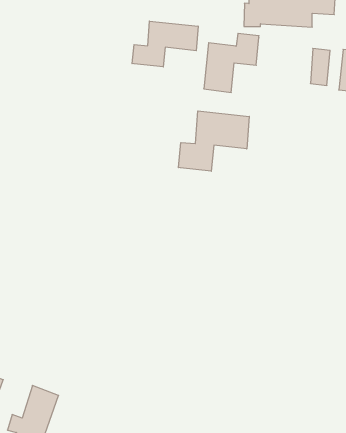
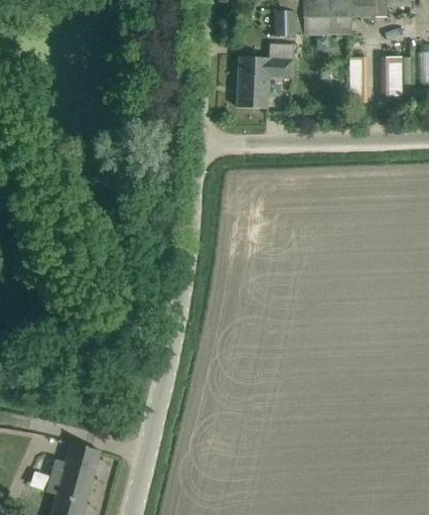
building: [132,21,198,67] -> none
building: [178,111,249,171] -> none

